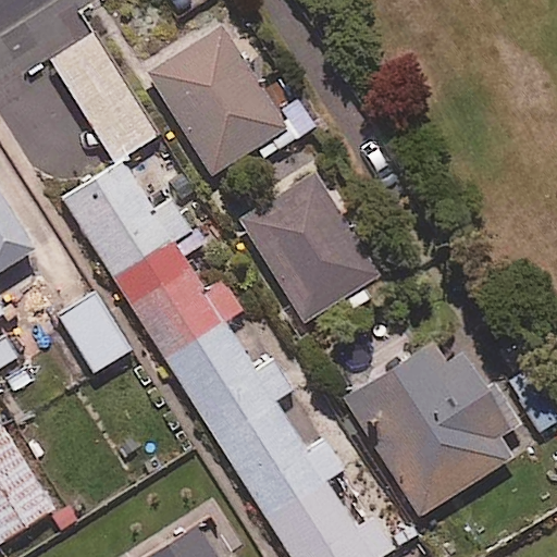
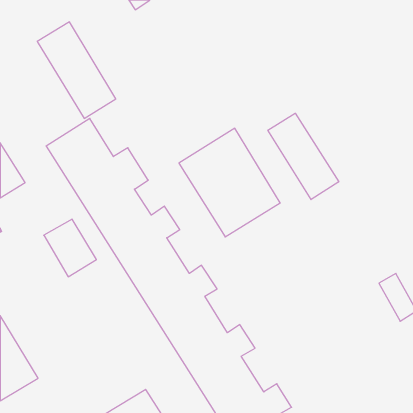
building: [147,23,314,174] -> none
building: none -> [268,113,339,200]
building: [332,327,525,517] -> none

